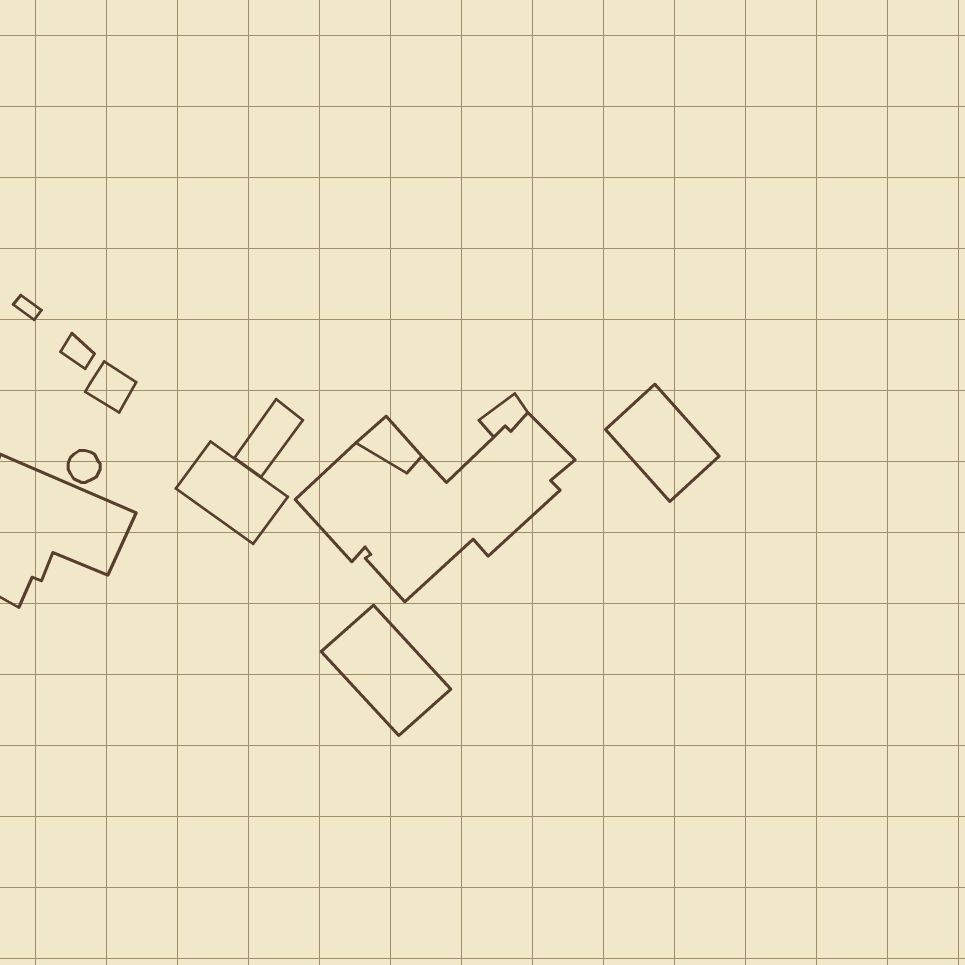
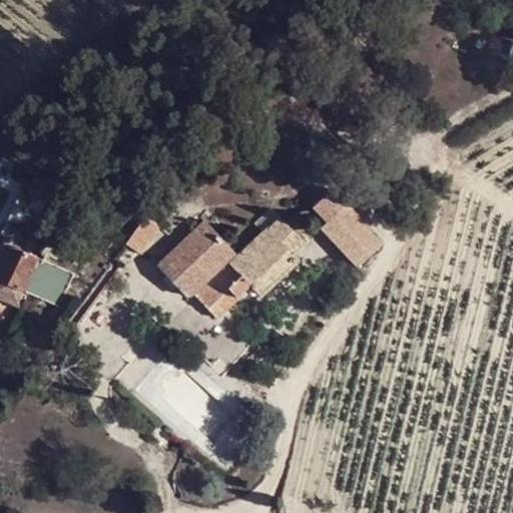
building: [176,442,288,544] -> none
building: [321,605,451,736] -> none

